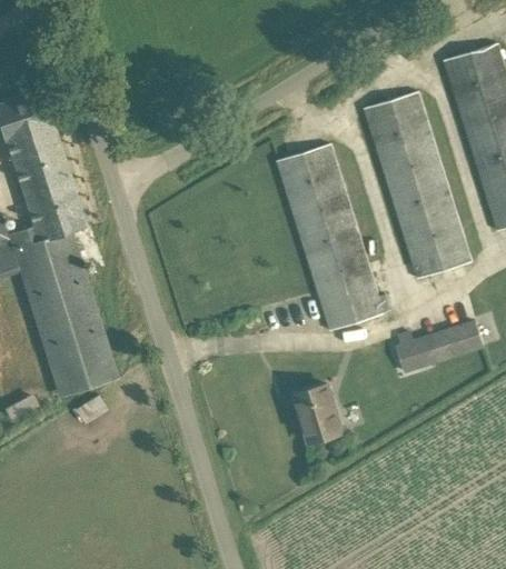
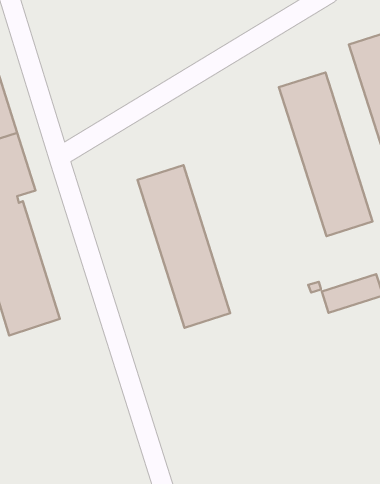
building: [278,144,384,330] -> [138,165,230,328]
building: [295,385,343,442] -> none

